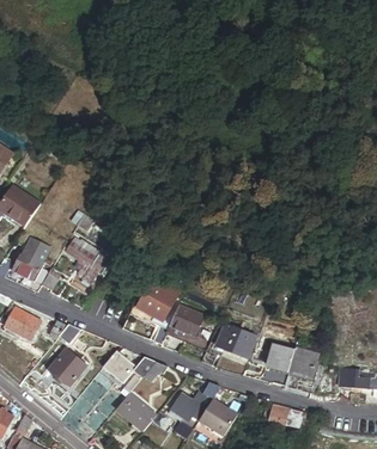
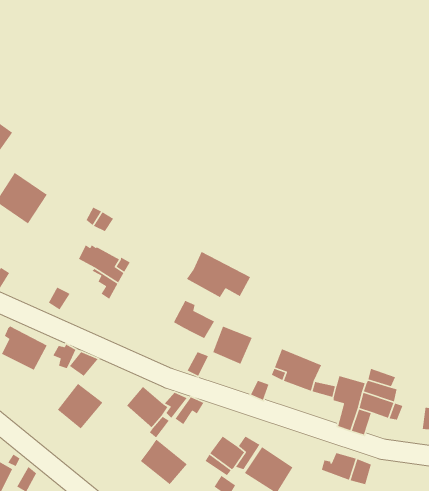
building: none -> [186,251,251,298]
building: [12,251,44,282] -> none

